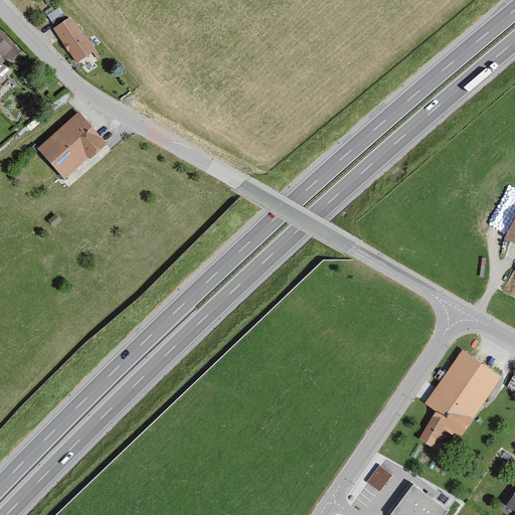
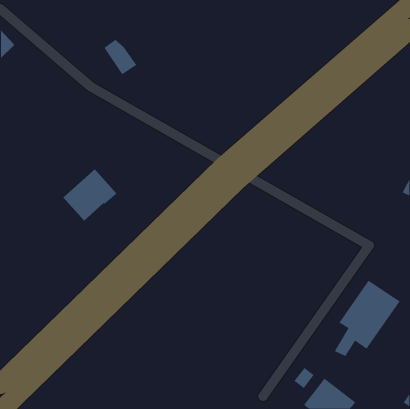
building: [53,19,96,64] -> [104,39,137,75]
building: [37,114,106,180] -> [63,169,117,222]

